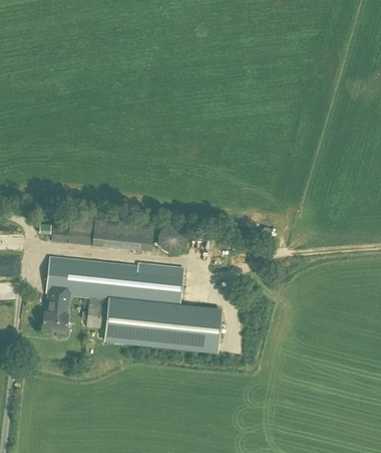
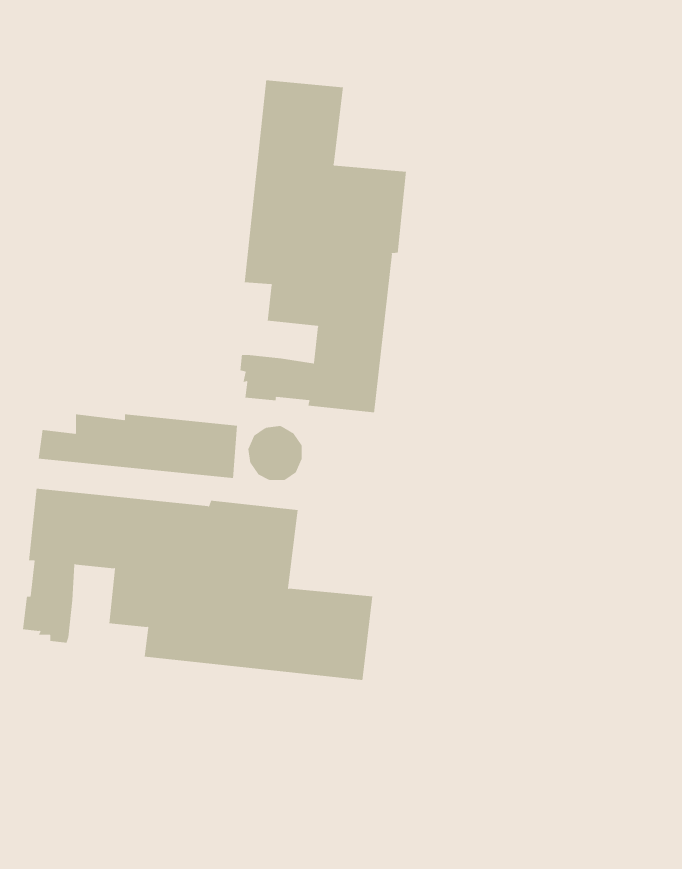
building: none -> [240,79,407,413]

